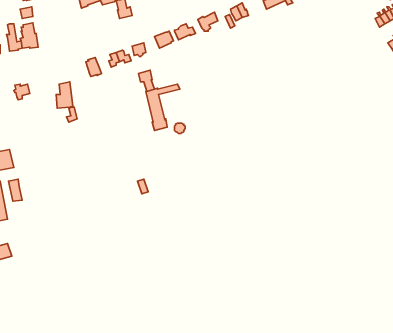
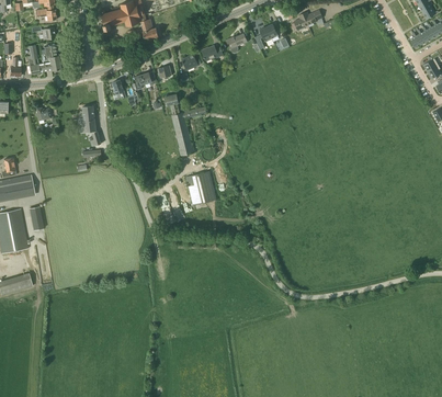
building: none -> [184,171,215,205]

